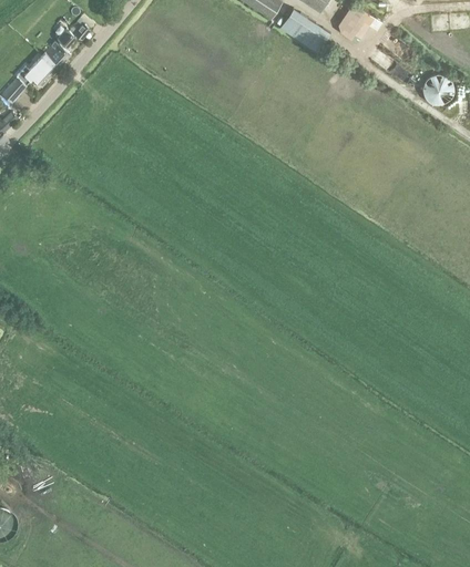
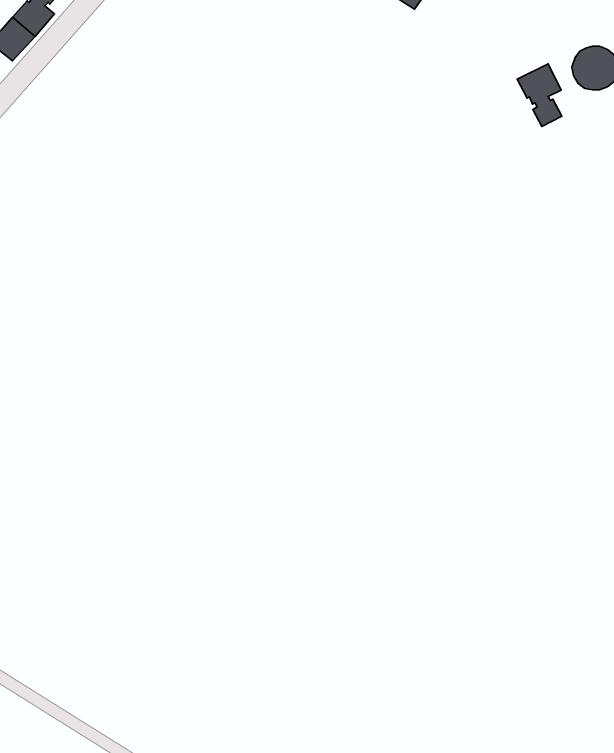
building: none -> [517,64,562,127]

